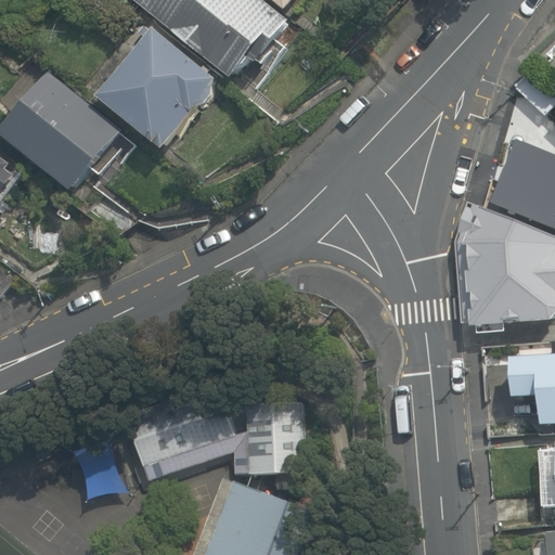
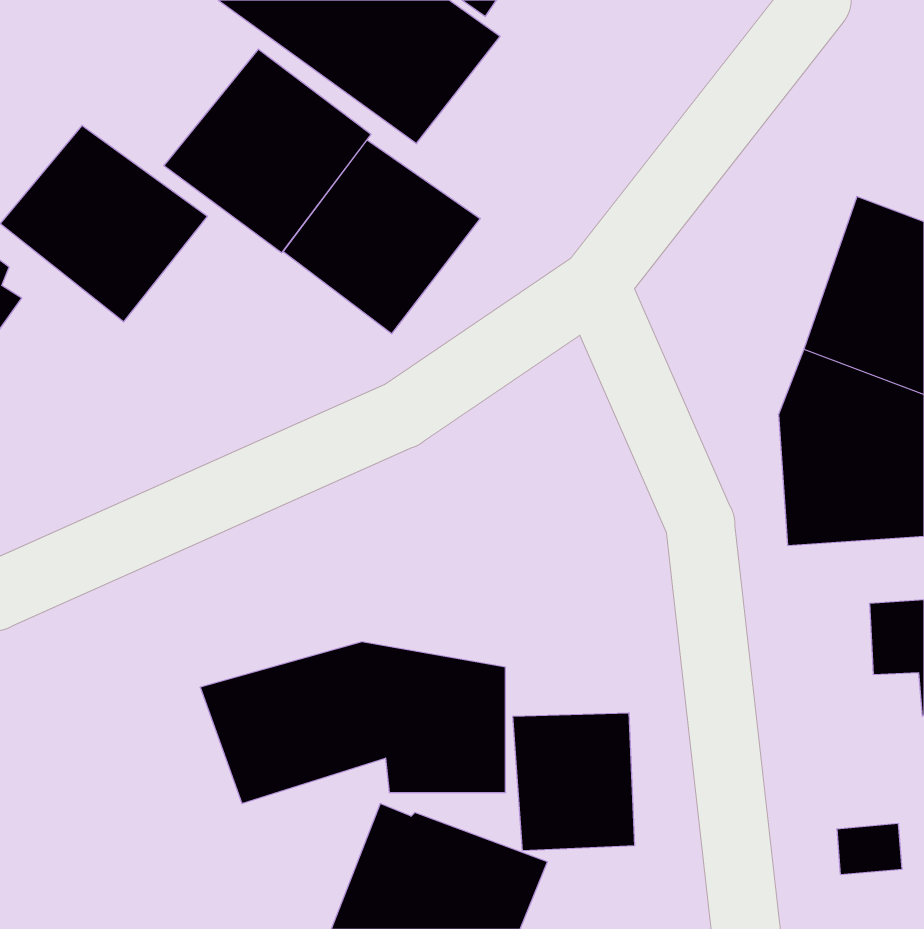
building: none -> [283,140,480,334]
building: none -> [513,713,634,851]

